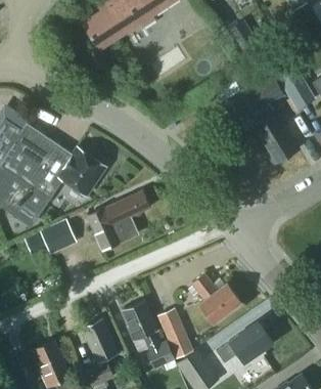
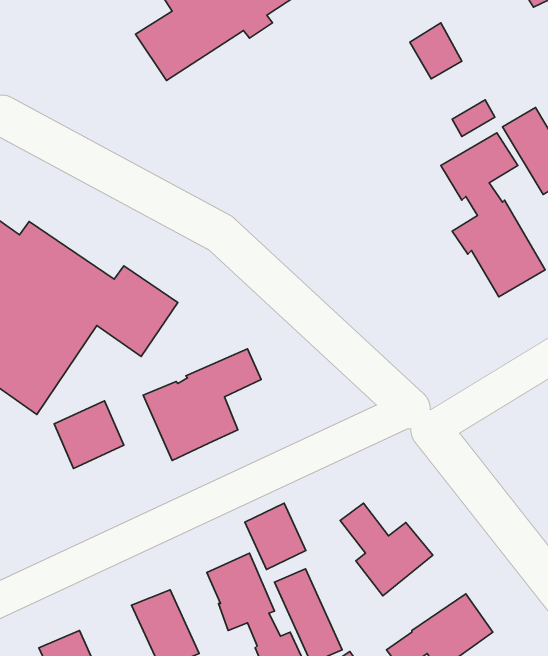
building: none -> [245,503,306,569]

